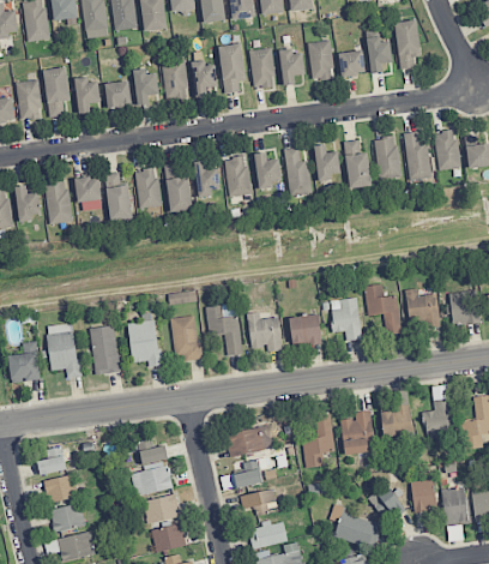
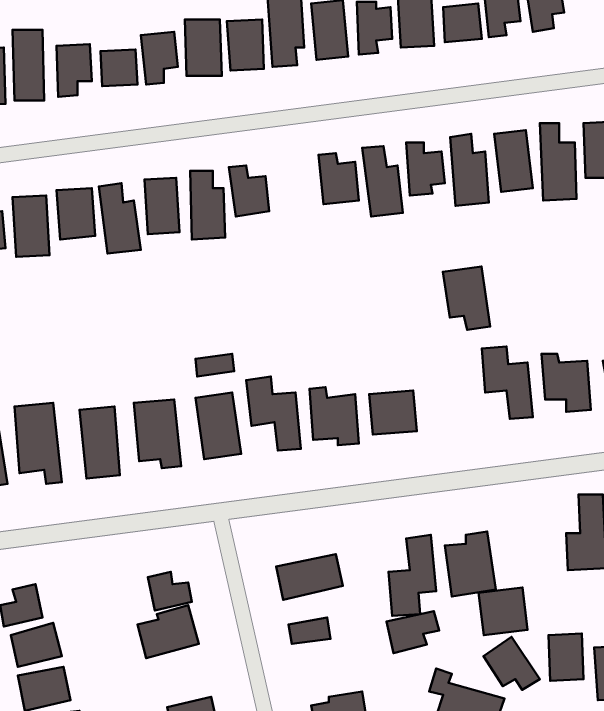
building: [224,156,250,197] -> none
building: [330,298,362,341] -> [443,267,490,330]
building: [380,407,413,439] -> [478,588,528,635]
building: [240,488,276,517] -> [386,611,439,653]
building: [143,493,181,524] -> none

